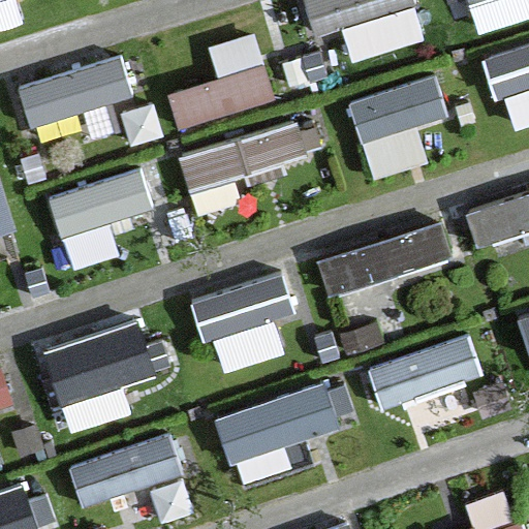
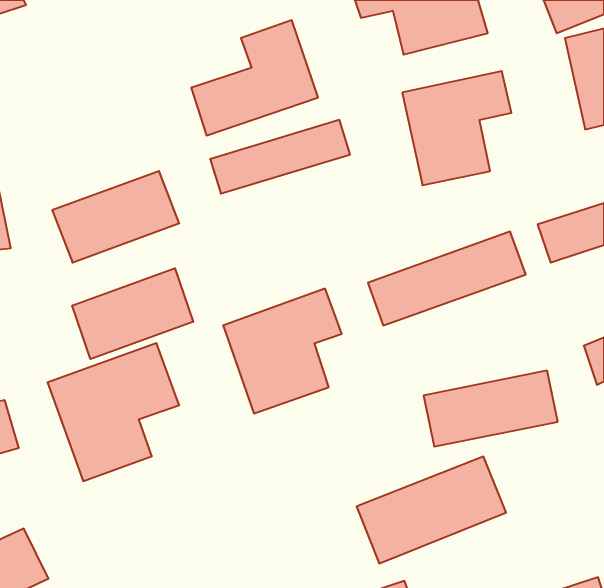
building: [19,57,135,129] -> none
building: none -> [72,268,193,359]
building: [213,376,343,469] -> [357,457,506,563]
building: [68,432,186,512] -> none

